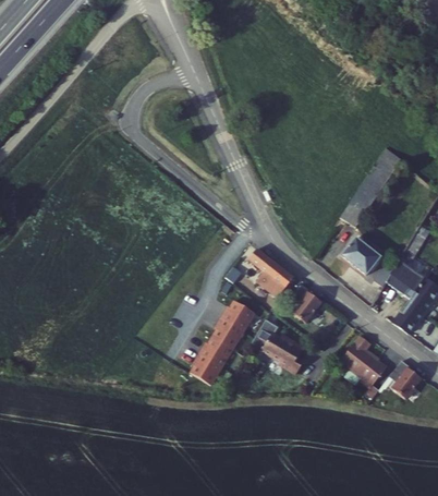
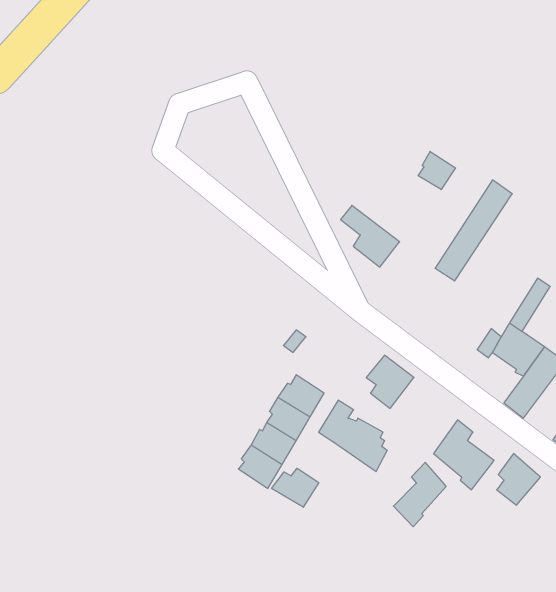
building: none -> [418,151,456,190]
building: [341,239,381,278] -> none
building: [248,250,294,298] -> [341,205,400,267]
building: none -> [393,462,446,527]
building: none -> [272,468,319,507]

